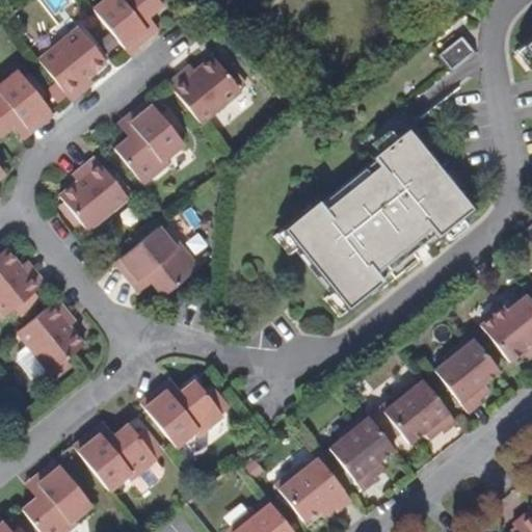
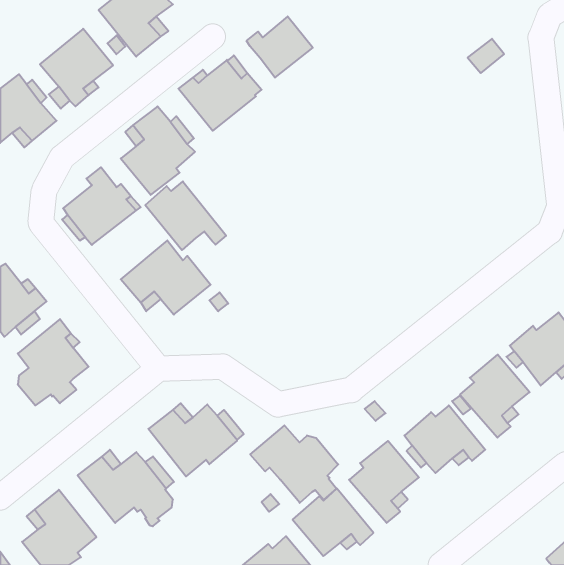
building: none -> [247,16,313,78]
building: [285,128,474,309] -> none
building: none -> [145,181,226,250]
building: none -> [250,425,338,503]

